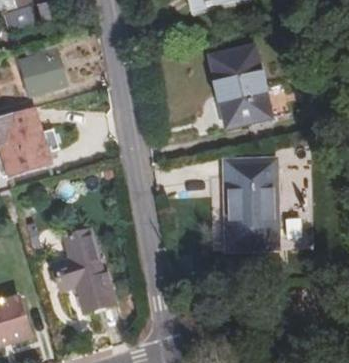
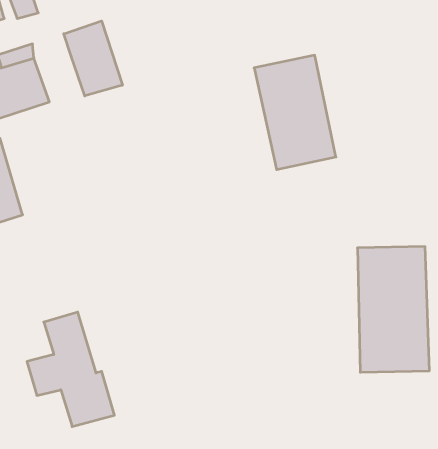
building: none -> [64,21,122,96]
building: [224,162,275,251] -> [357,247,429,372]

